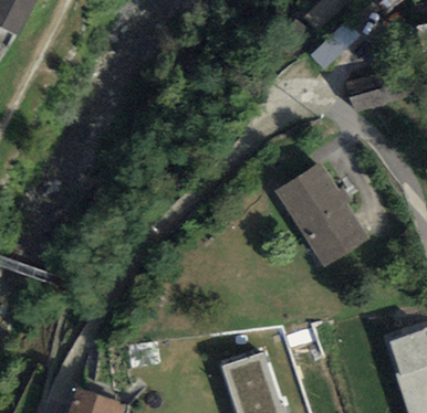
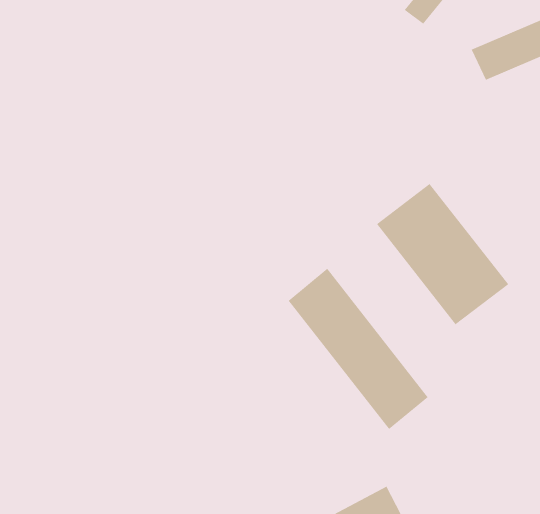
building: none -> [288,268,429,430]

